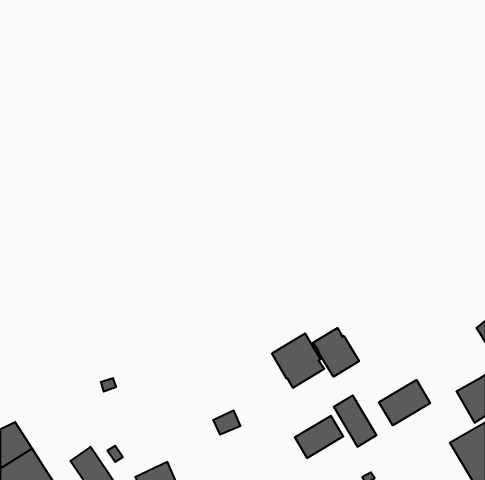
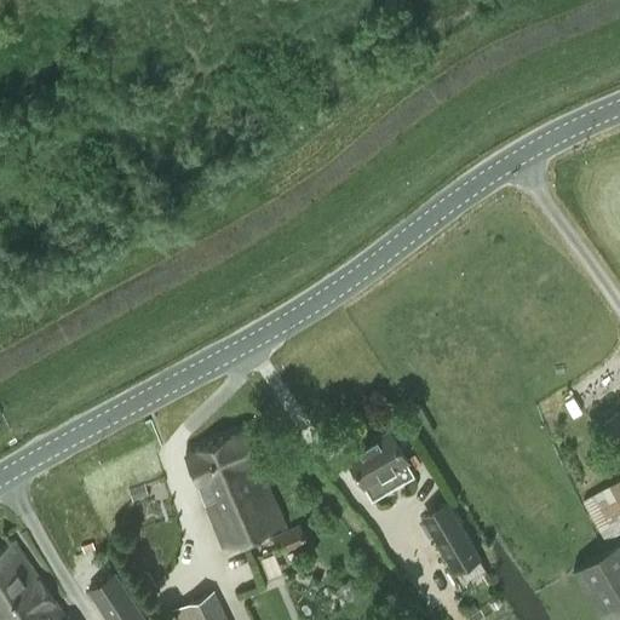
building: [313,328,359,377] -> none
building: none -> [186,434,287,551]
building: [379,380,430,425] -> none
building: [295,416,343,458] -> none

